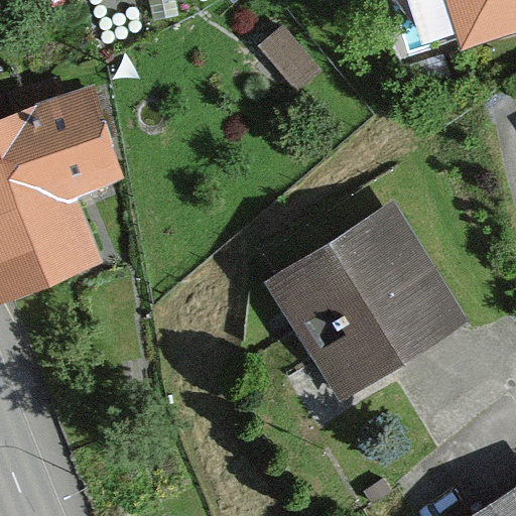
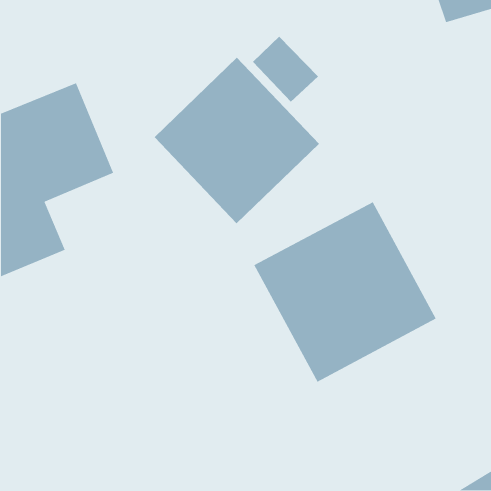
building: none -> [154,57,320,224]

